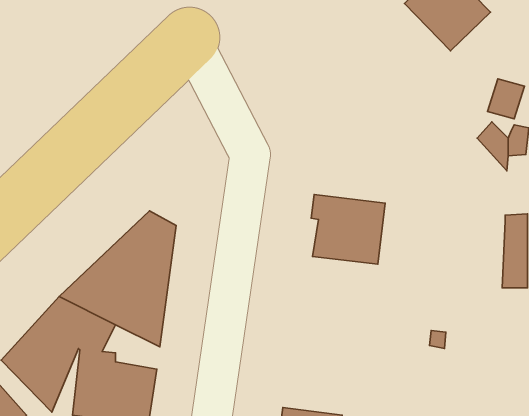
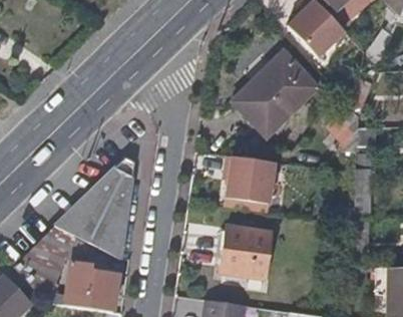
building: none -> [231,49,320,138]
building: none -> [220,225,271,280]

